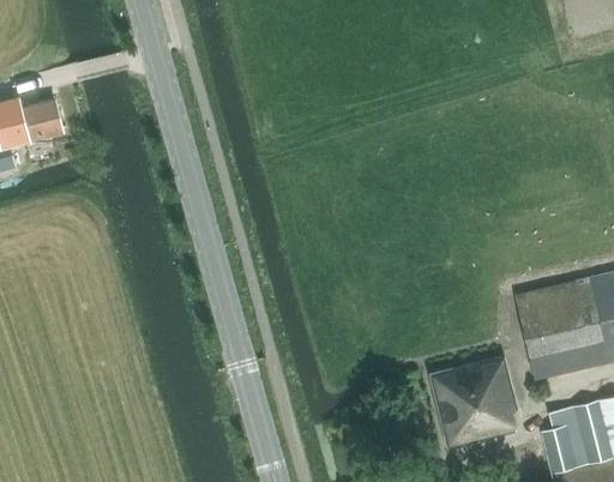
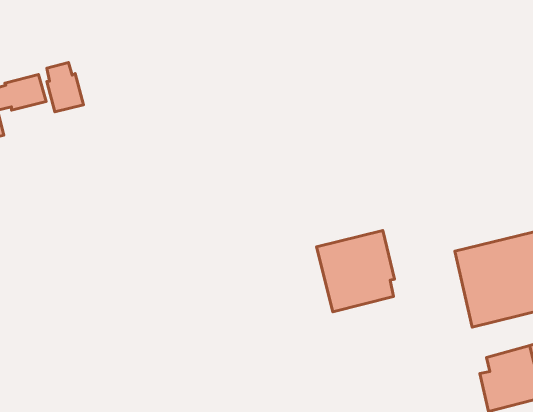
building: none -> [47,63,84,112]
building: [431,357,517,447] -> [317,230,395,312]

